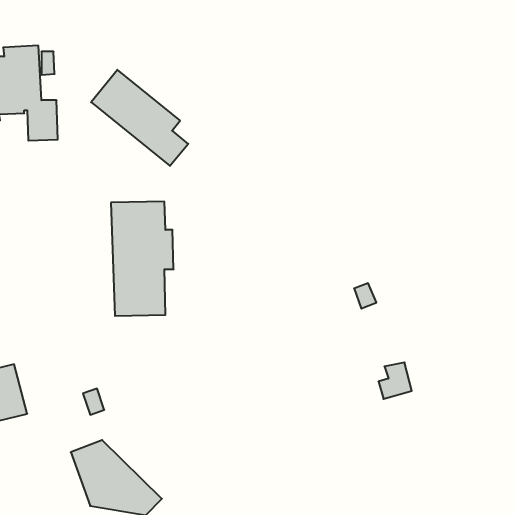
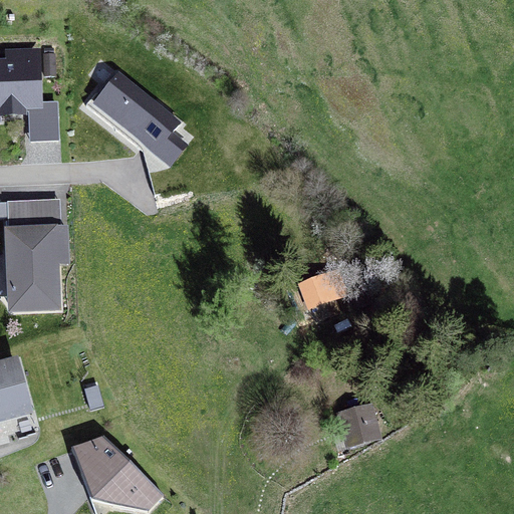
building: [111,202,174,316] -> [5,201,67,314]
building: none -> [301,271,343,316]
building: [378,362,412,399] -> [342,408,375,444]

